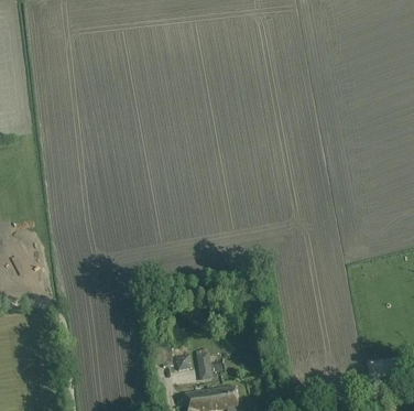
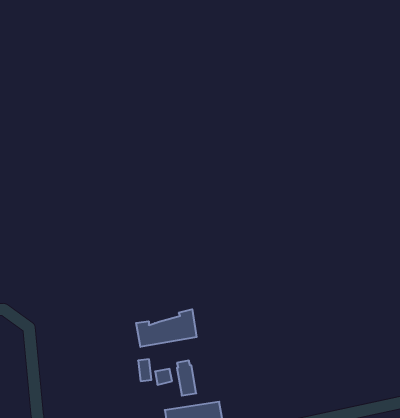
building: none -> [136,309,197,347]

